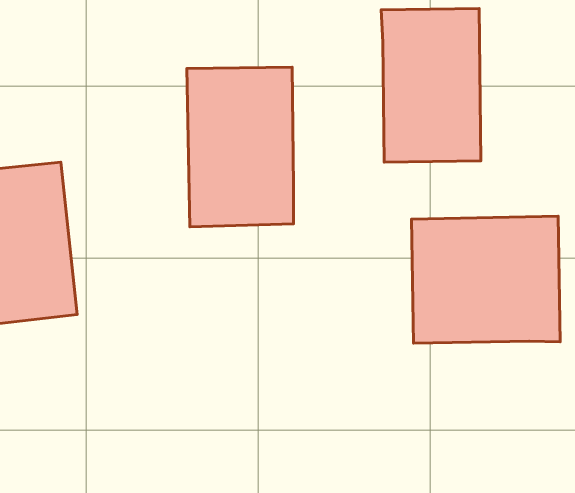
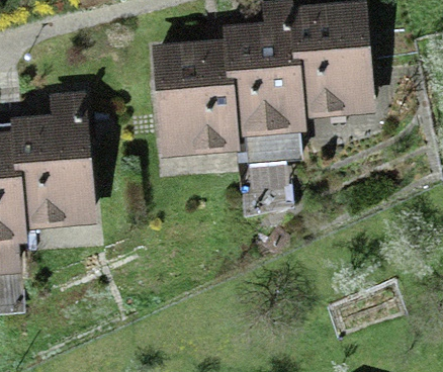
building: none -> [237,30,301,129]
building: [412,216,560,343] -> none

